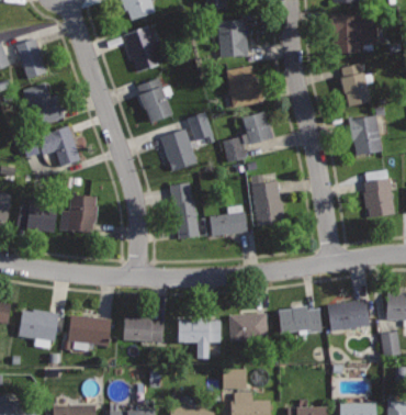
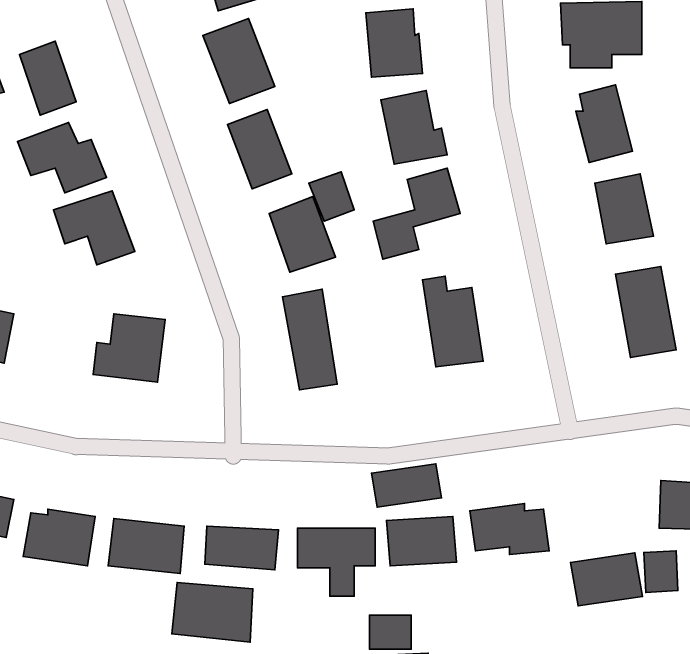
building: [16,204,57,233] -> none
building: [207,211,248,236] -> [371,464,441,507]
building: [327,300,369,330] -> [570,553,642,606]
building: none -> [172,582,253,642]

